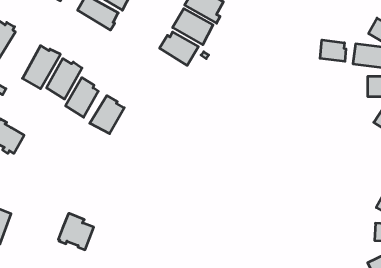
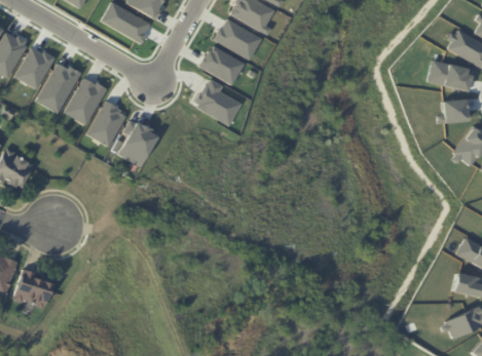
building: none -> [14,47,53,89]
building: [320,40,346,61] -> none
building: none -> [194,79,242,126]
building: [58,214,94,250] -> [14,267,57,310]

